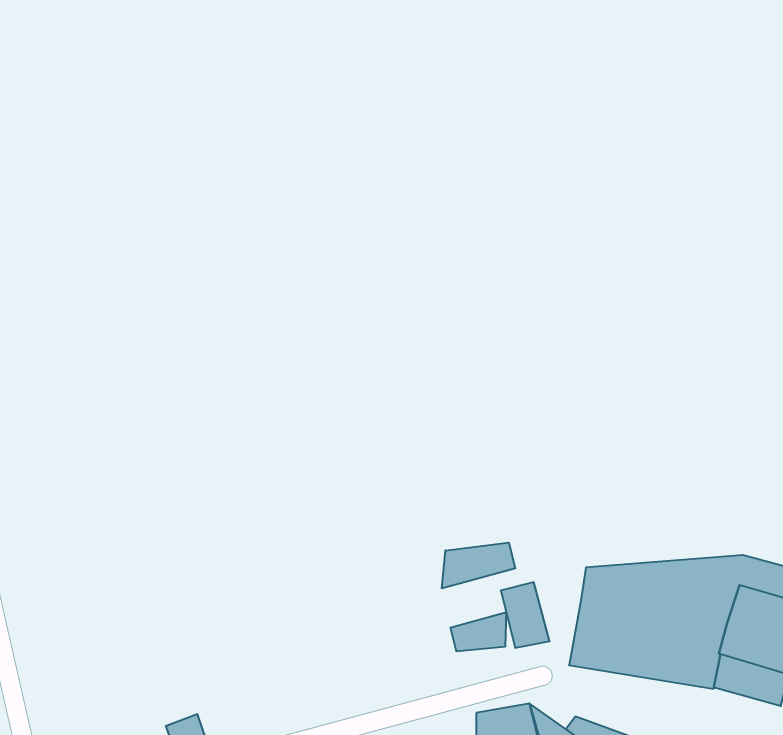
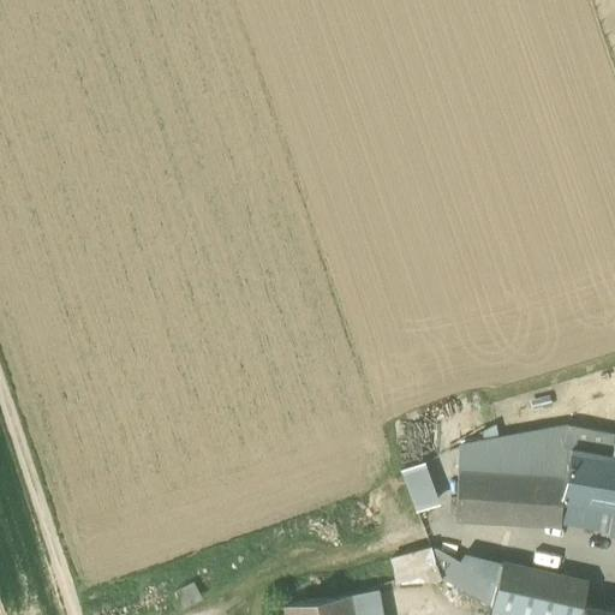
building: [442,543,515,588] -> none
building: [450,612,506,651] -> none

